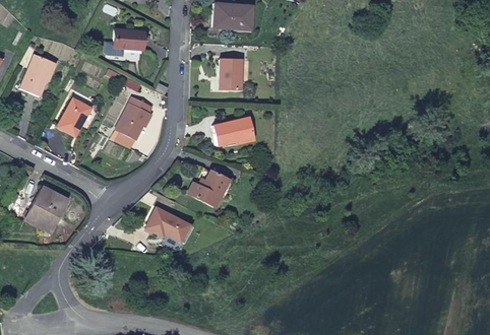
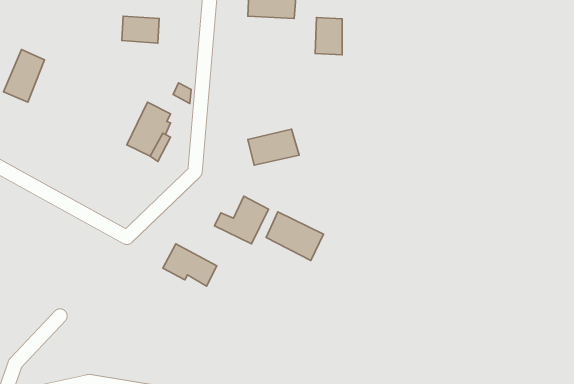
building: [221,59,242,88] -> [315,18,342,55]
building: [59,97,90,135] -> none
building: none -> [266,212,324,261]
building: [25,187,67,232] -> none

